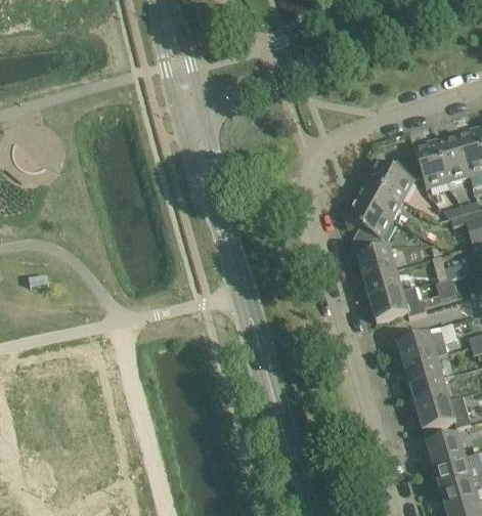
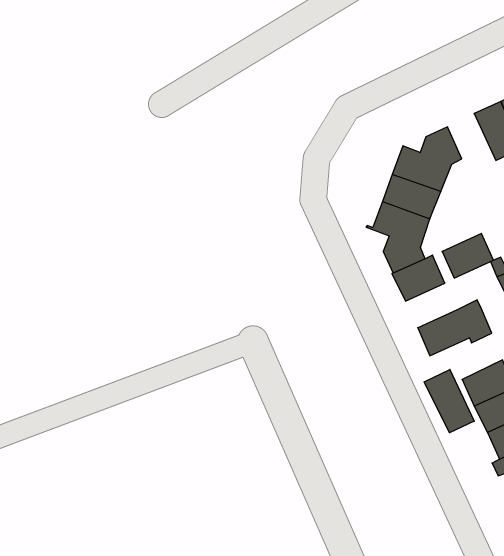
building: [415,143,448,187] -> none
building: [364,268,402,299] -> [442,233,494,278]
building: none -> [424,369,474,433]

